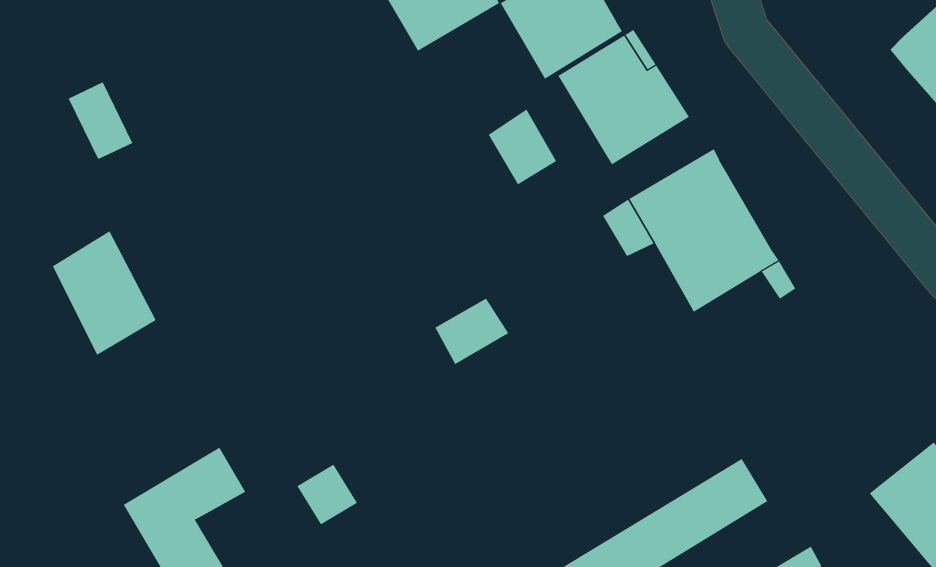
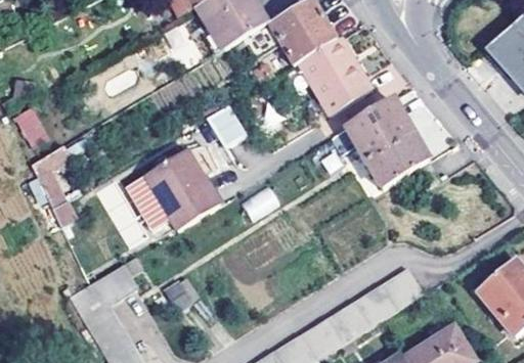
building: [68,82,133,160] -> [12,103,48,146]
building: [488,109,557,185] -> [208,106,246,148]
building: none -> [122,154,219,232]

